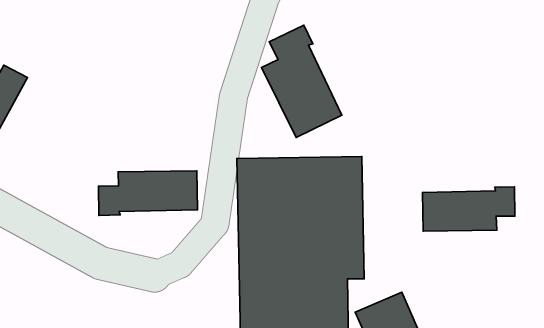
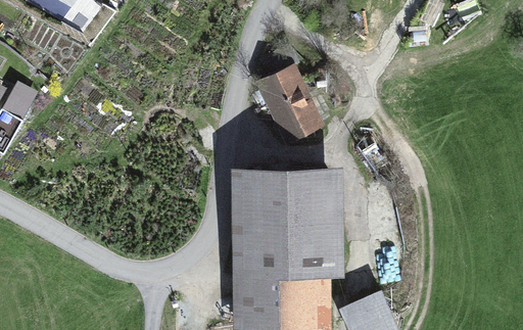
building: [98,171,197,216] -> none
building: [422,187,515,231] -> none

